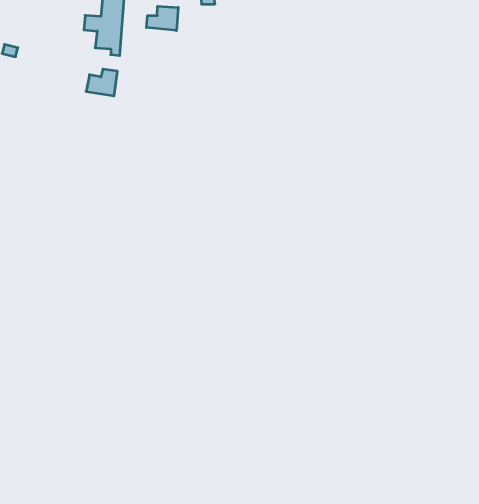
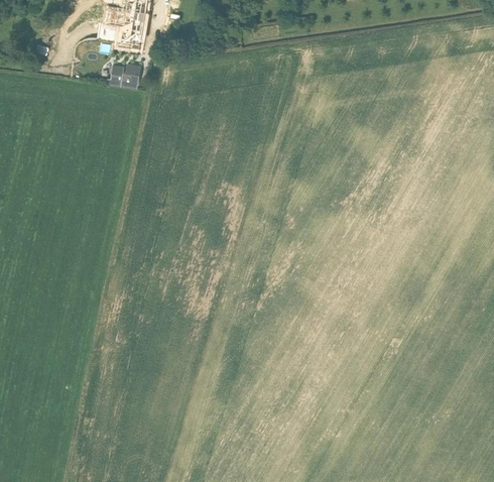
building: [146,6,178,31] -> none

